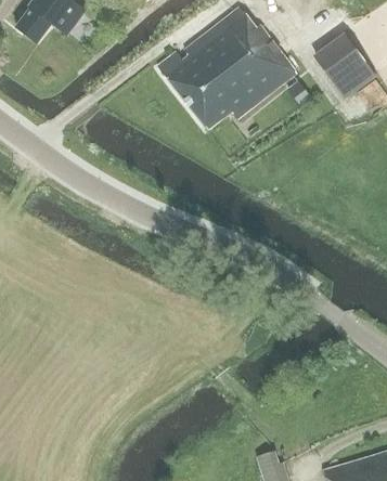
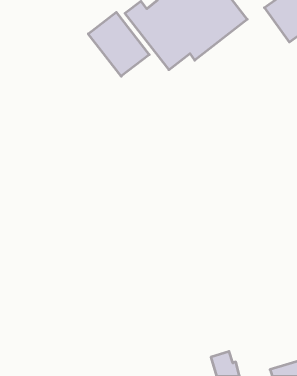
building: none -> [88,12,149,76]

